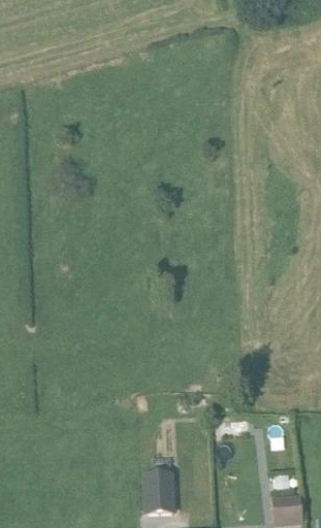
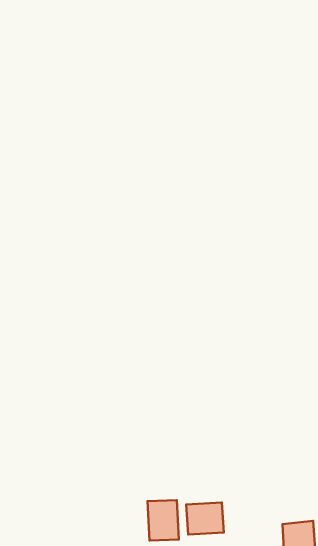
building: none -> [186,503,224,535]

